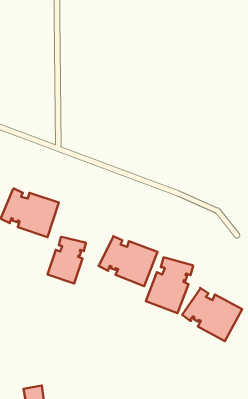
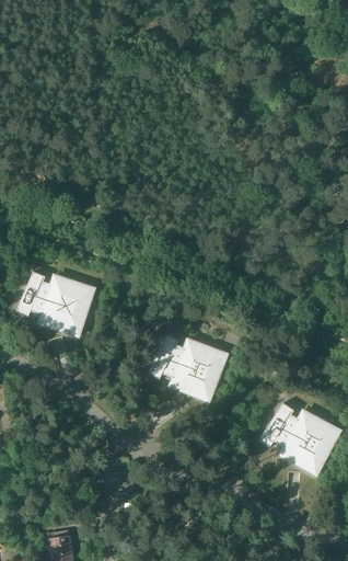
building: [47,237,86,283] -> none
building: [146,257,193,313] -> none

